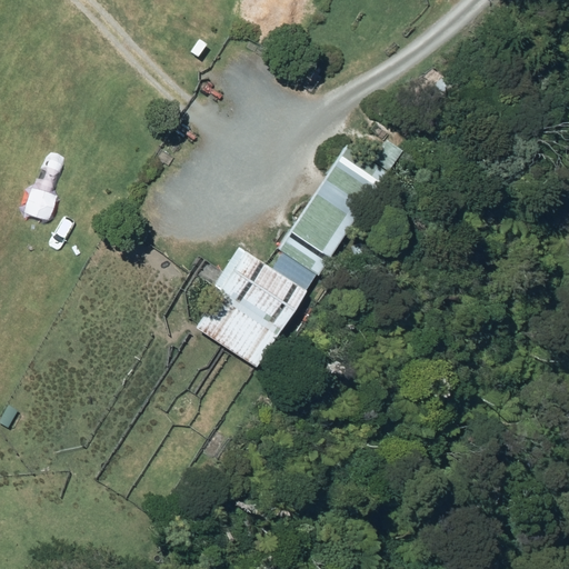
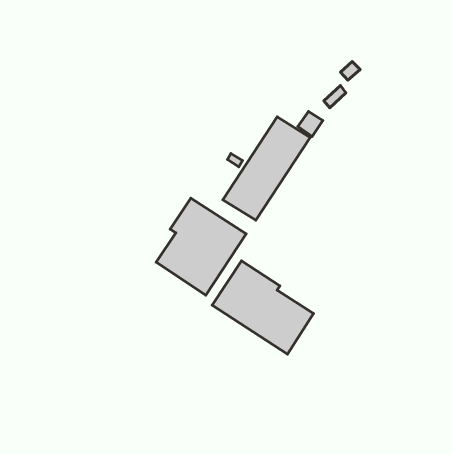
building: none -> [212,261,314,354]

